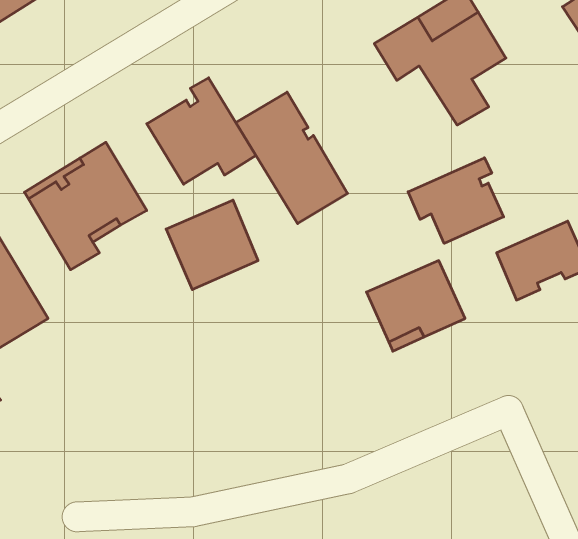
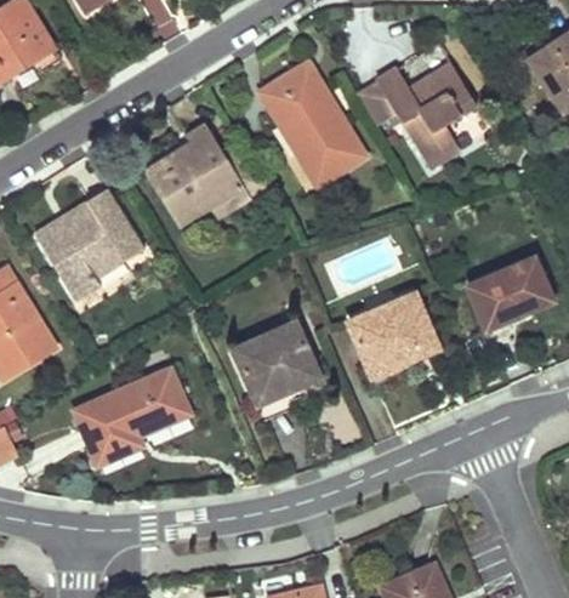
building: [236,92,348,224] -> [261,63,364,184]
building: [408,158,504,243] -> none
building: [166,200,258,290] -> [231,323,315,405]
building: none -> [73,369,188,465]

